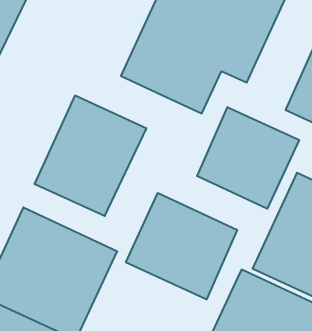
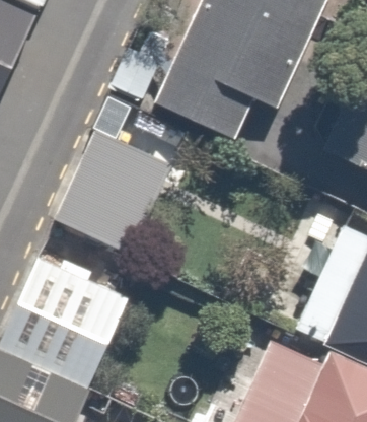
building: [197,107,299,209] -> none
building: [126,193,237,299] -> none

